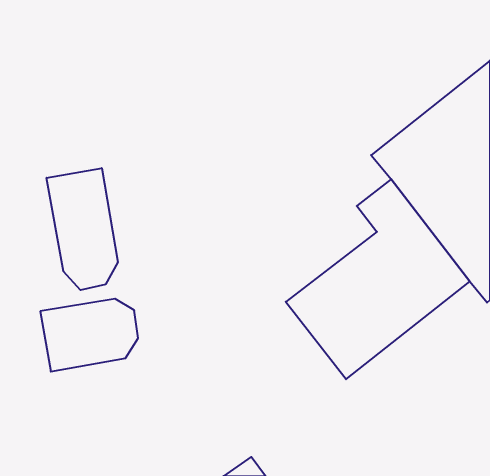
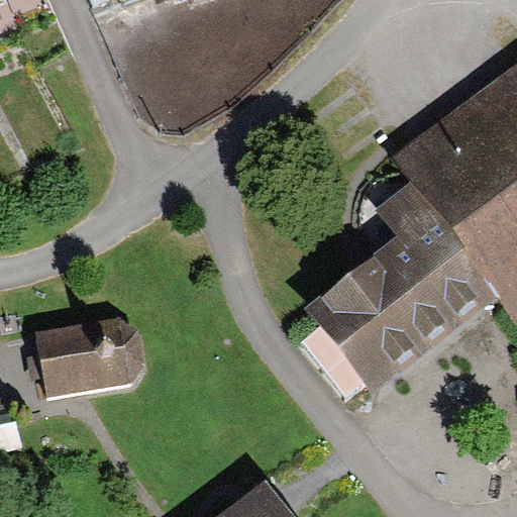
building: [47,168,118,290] -> none

